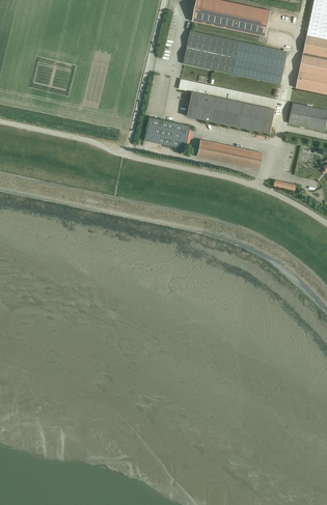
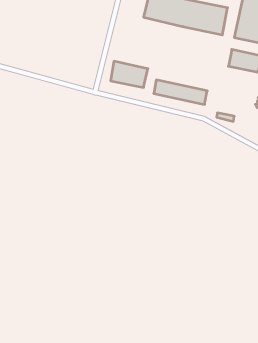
building: [178,79,276,133] -> none

